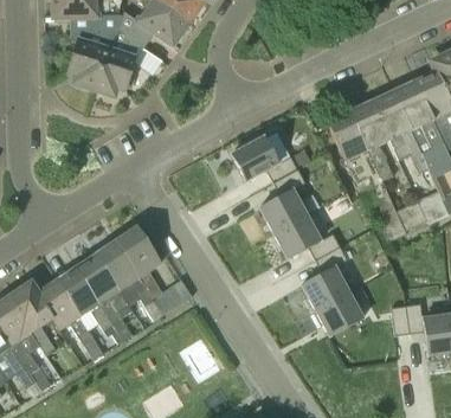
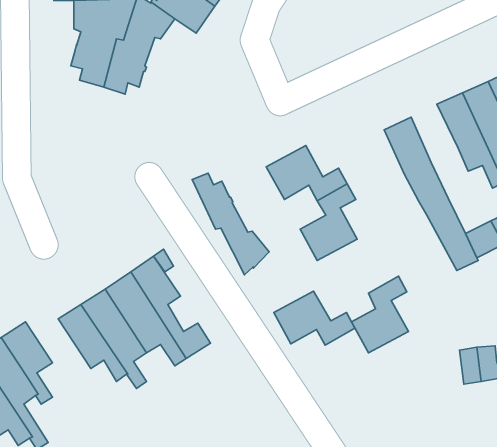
building: [352,102,393,180] -> none
building: none -> [192,173,269,275]
building: [273,214,341,259] -> [274,291,355,345]
building: [38,281,96,347] -> none
building: [316,291,363,335] -> none

